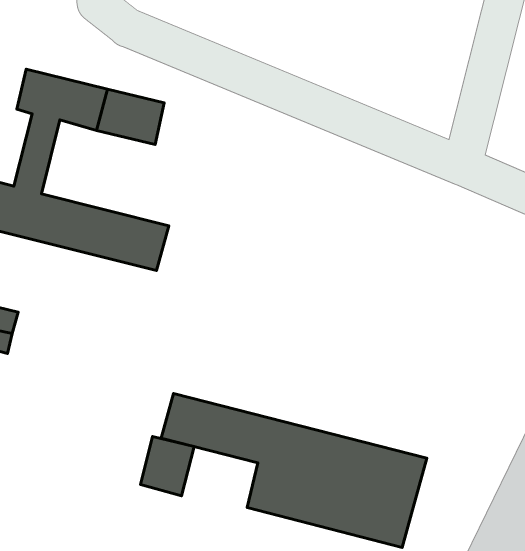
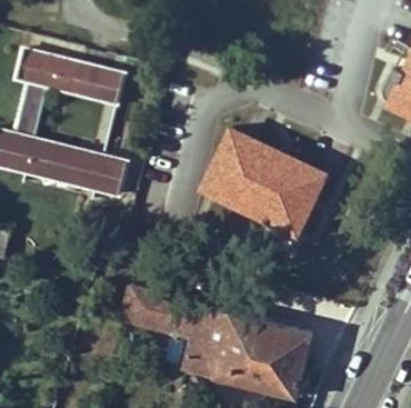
building: none -> [193,119,328,233]
building: [140,437,194,496] -> none

